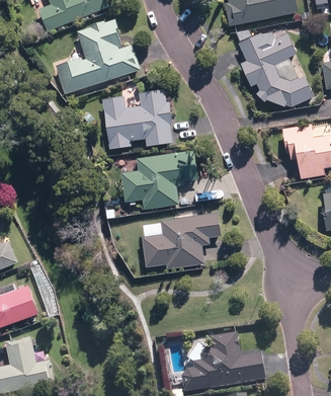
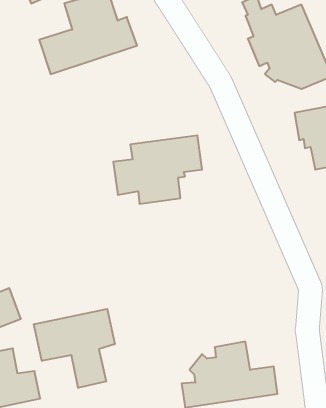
building: [102,89,173,150] -> none
building: [142,212,221,268] -> none
building: none -> [34,309,115,388]

